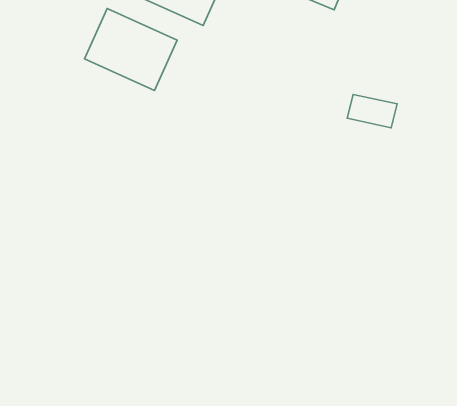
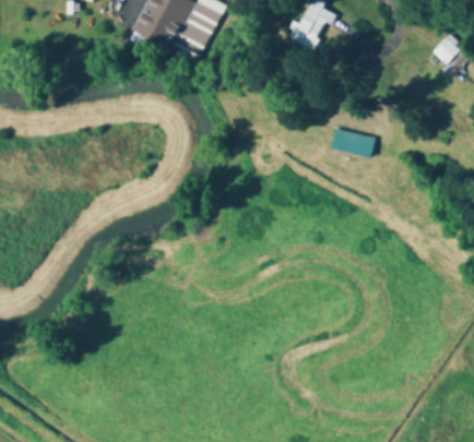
building: [84,9,177,91] -> none

